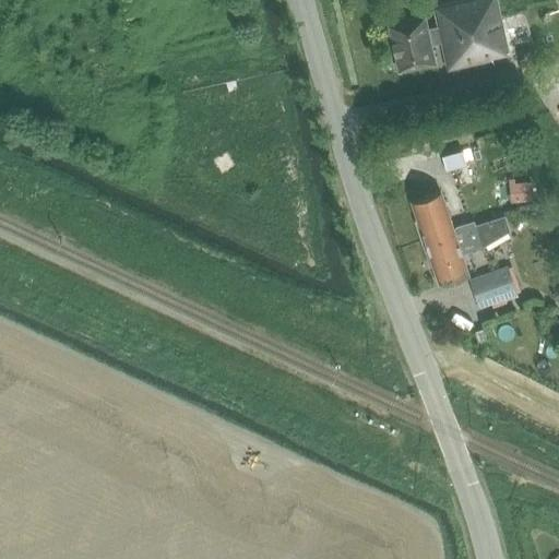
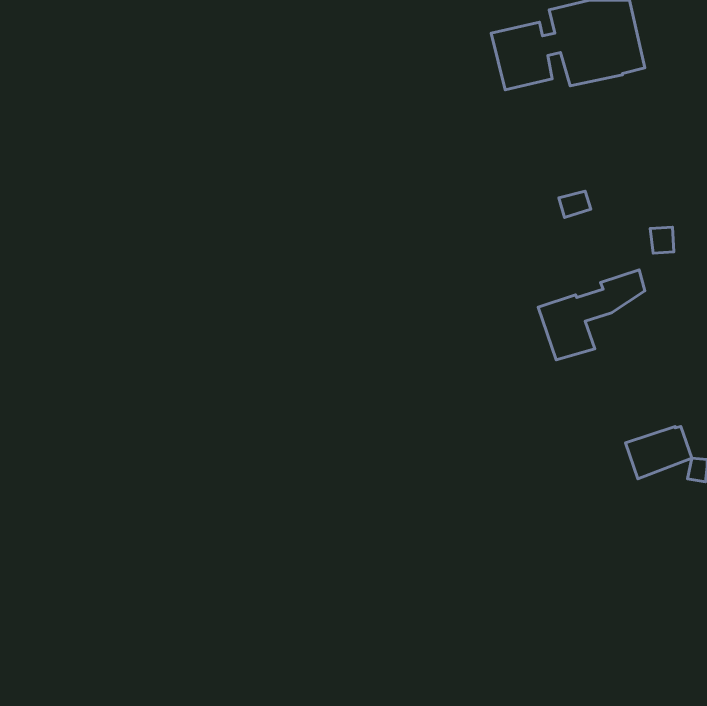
building: [411,191,476,243] -> none
building: [468,269,521,310] -> [625,426,692,479]

